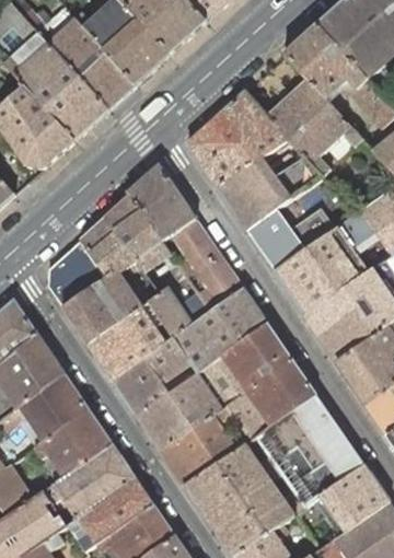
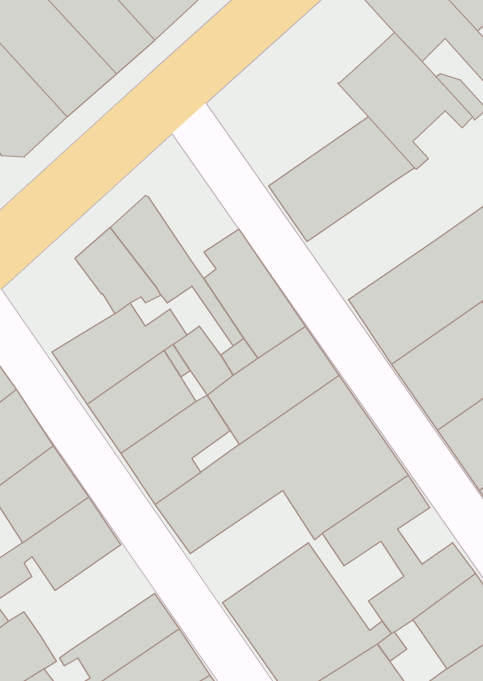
building: [187,91,288,188] -> none
building: [127,163,196,254] -> none
building: [244,206,335,269] -> none
building: [47,240,107,306] -> none
building: [161,405,250,485] -> none
building: [43,443,136,519] -> none

